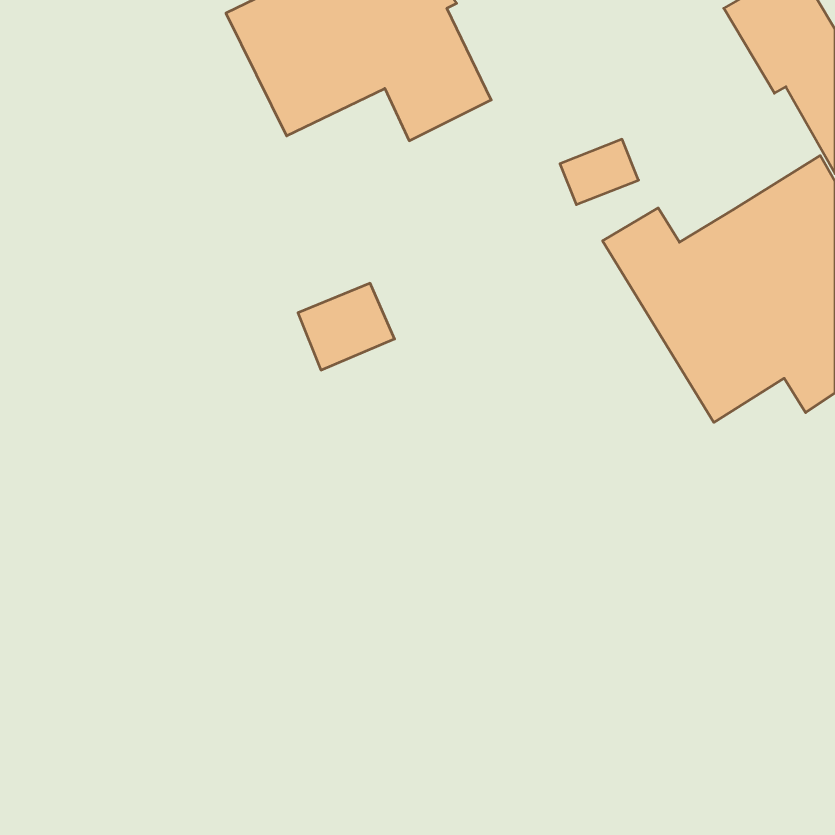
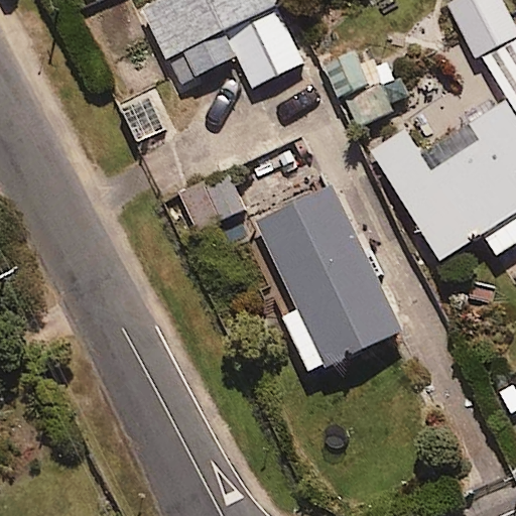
building: none -> [256,182,401,374]

